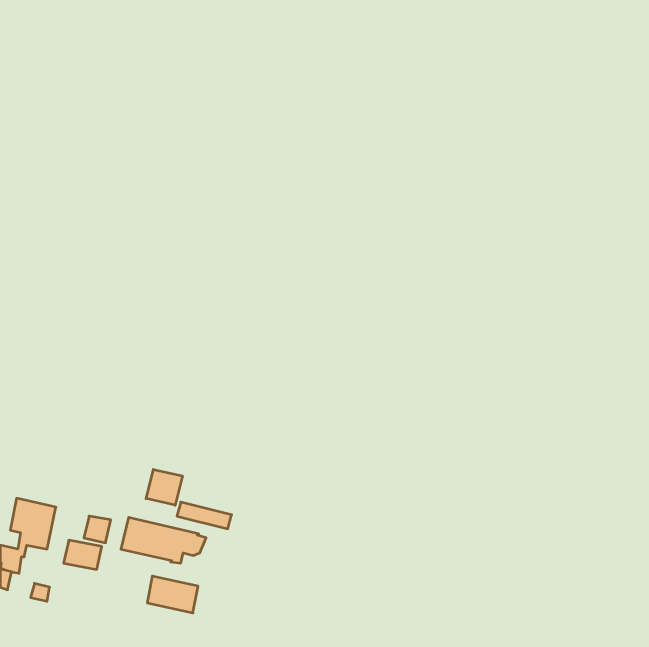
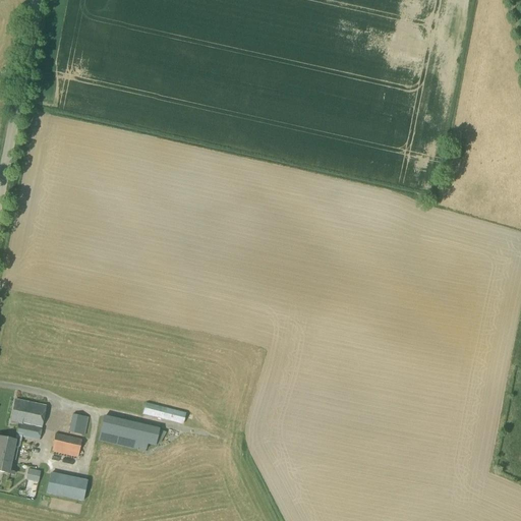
building: [146,469,182,505] -> none
building: [147,576,198,613] -> [47,471,88,501]

